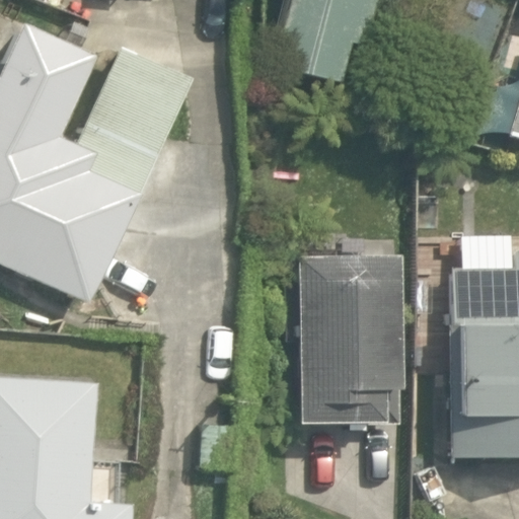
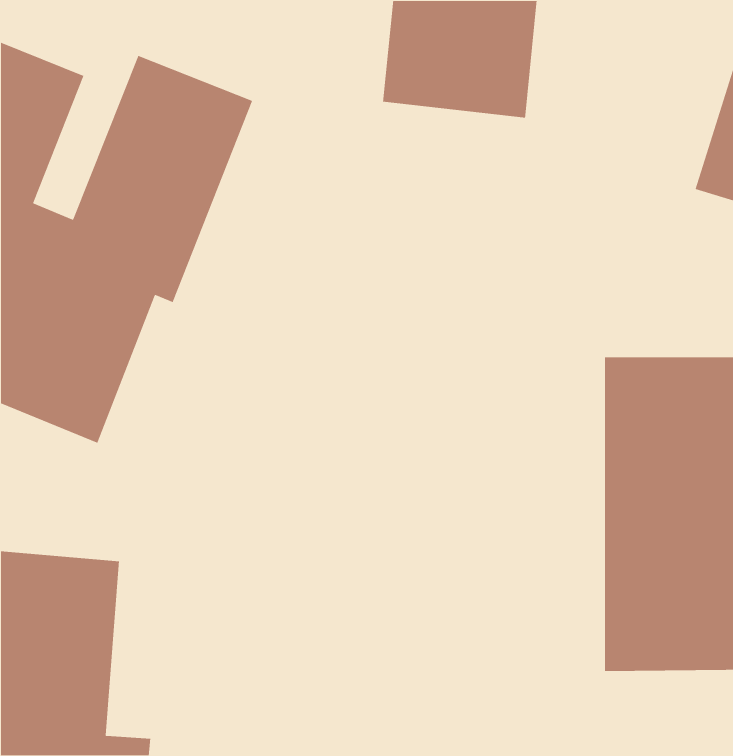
building: [290,242,391,426] -> none

